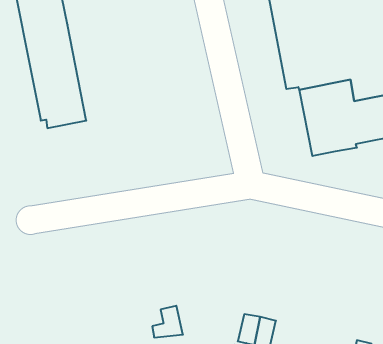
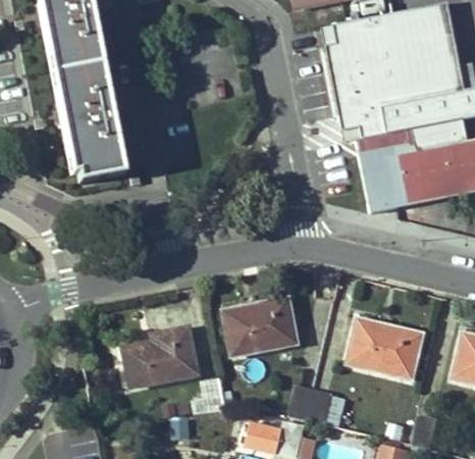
building: none -> [225,298,299,354]
building: none -> [348,318,422,377]
building: none -> [127,326,200,387]

